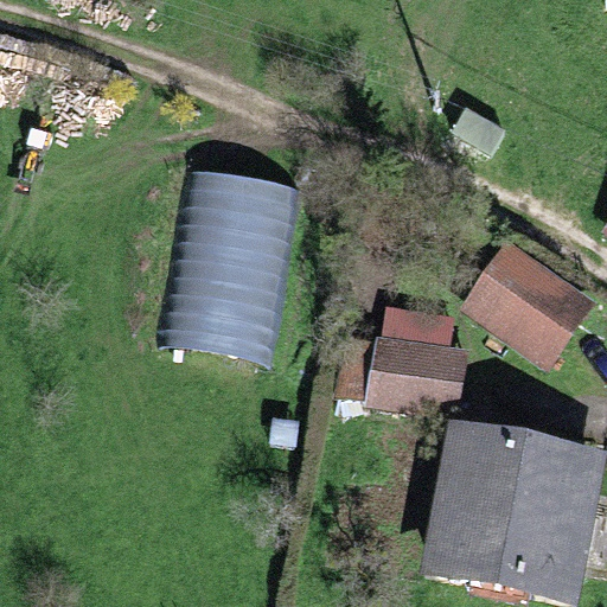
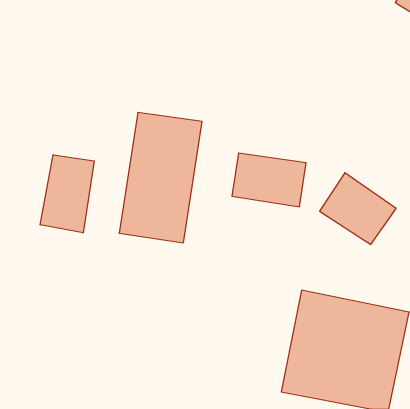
building: none -> [40,155,94,233]
building: [364,331,472,409] -> [232,153,306,207]

